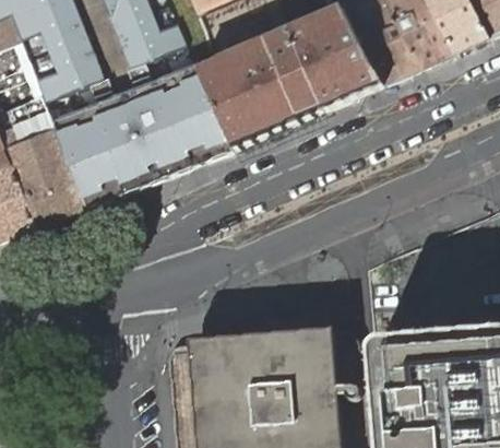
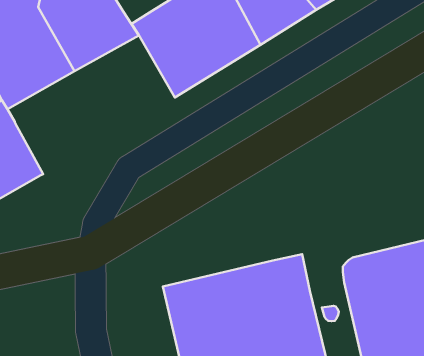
building: [57,79,227,205] -> none

